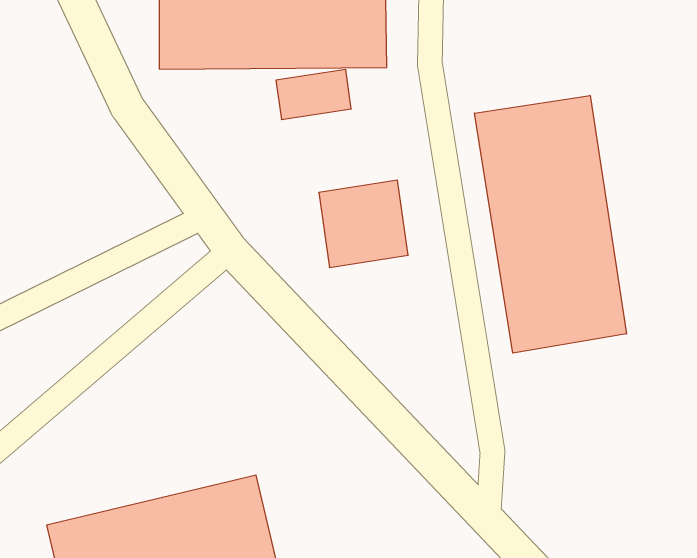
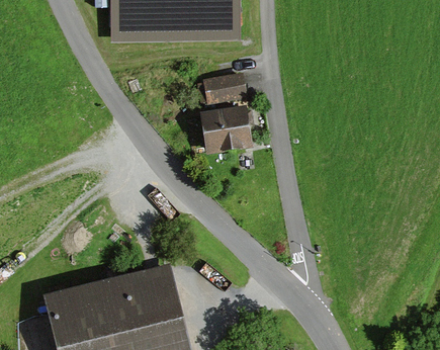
building: [276,70,351,120] -> [204,71,247,99]
building: [474,95,626,353] -> none

